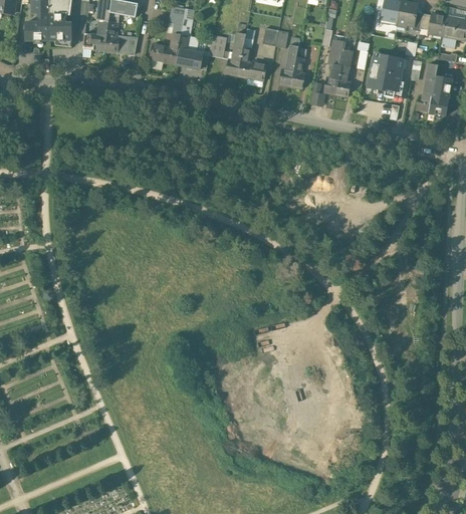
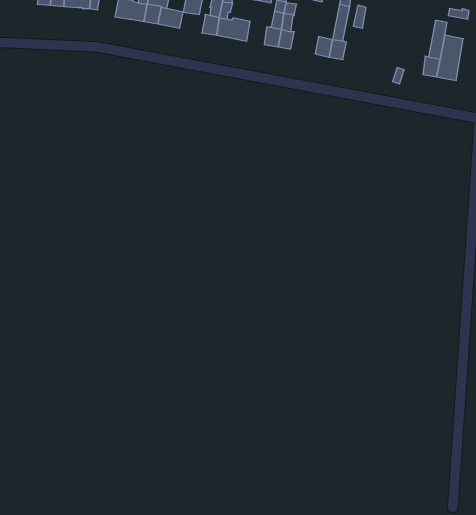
building: [364,50,406,98] -> none

